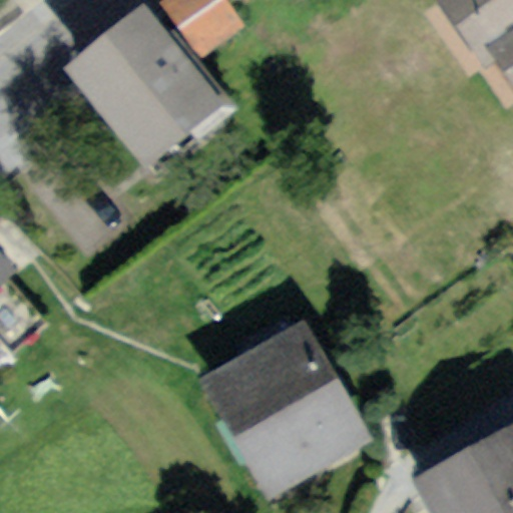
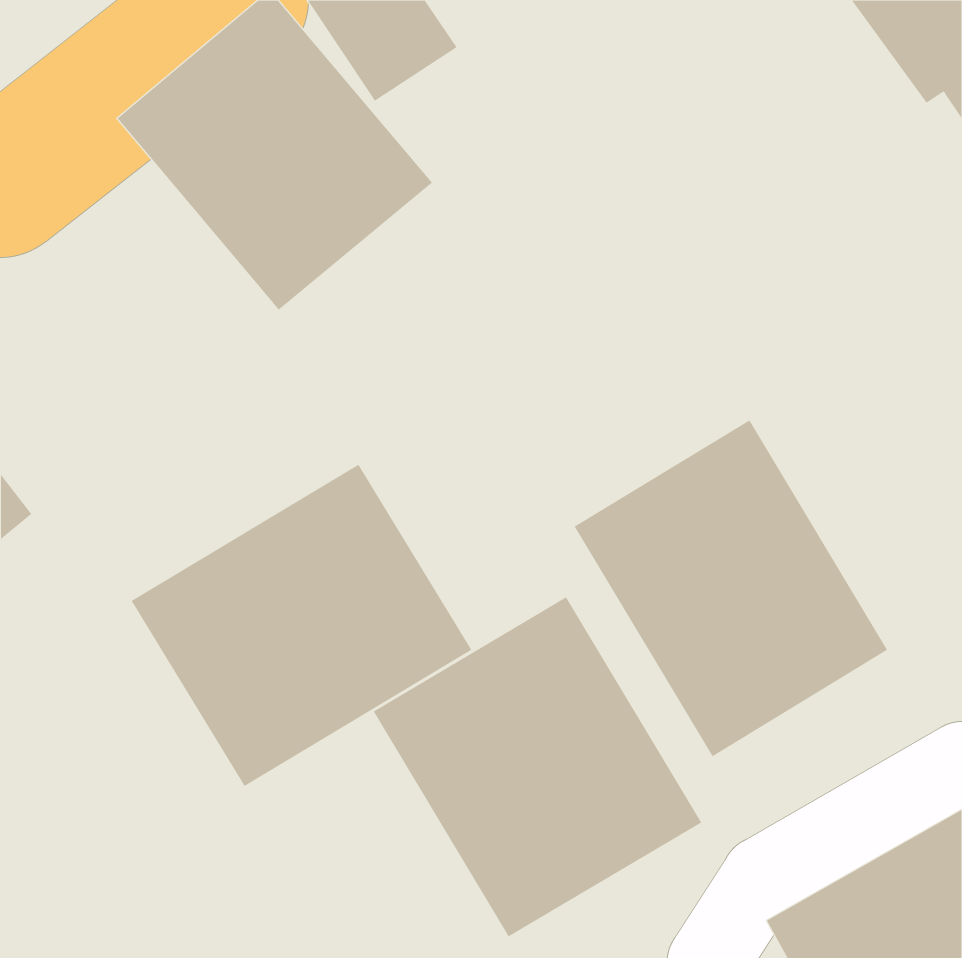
building: none -> [574,419,888,757]
building: none -> [131,464,472,787]

